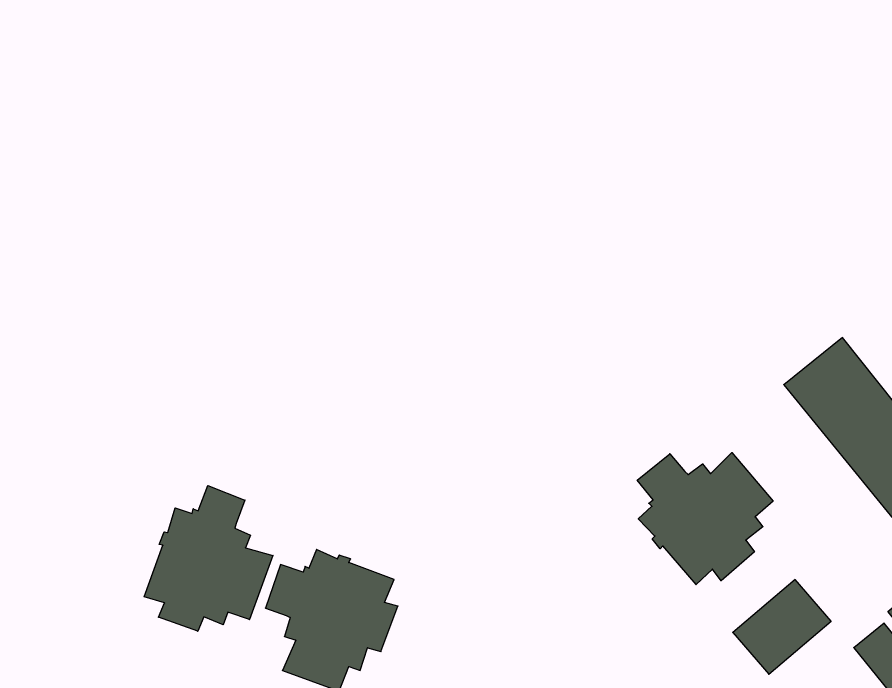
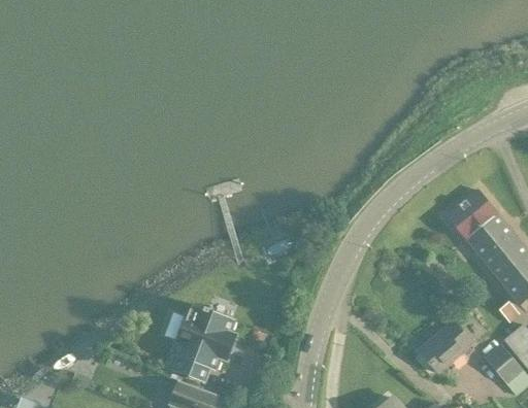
building: [637,453,773,585] -> none
building: [144,486,273,631] -> none

